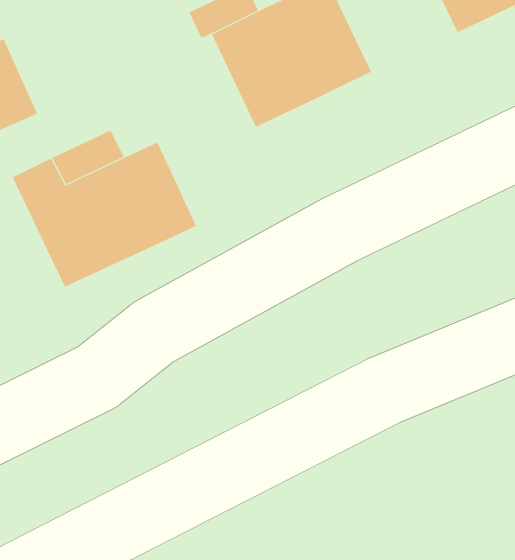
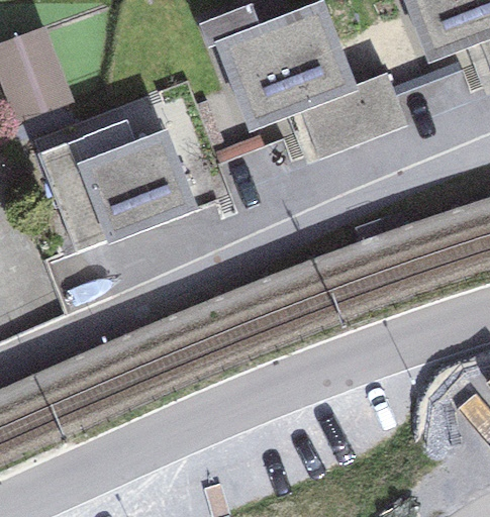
building: none -> [300,73,407,157]

